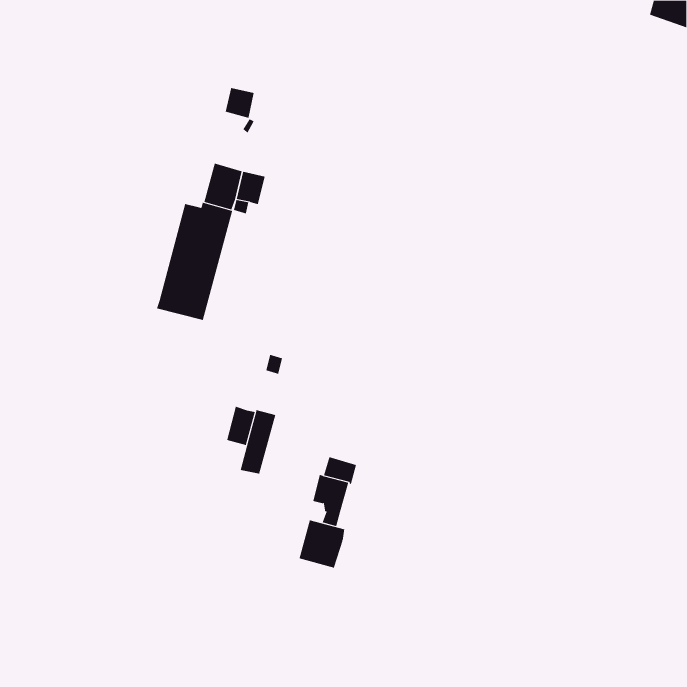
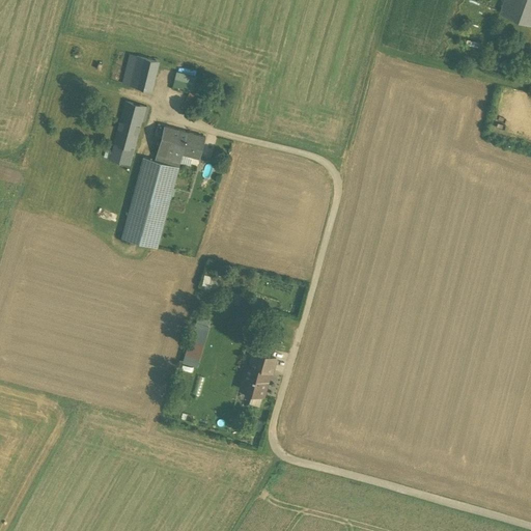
building: none -> [122,55,157,90]
building: none -> [109,103,144,164]
building: [226,406,255,446] -> none
building: [299,519,345,568] -> none

